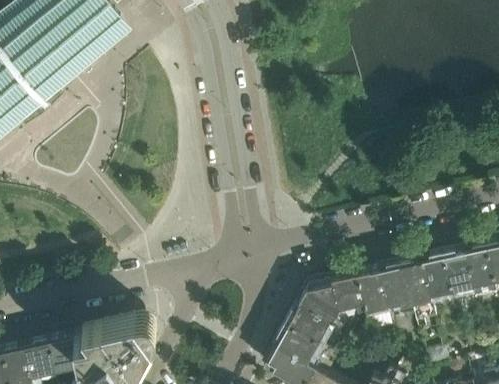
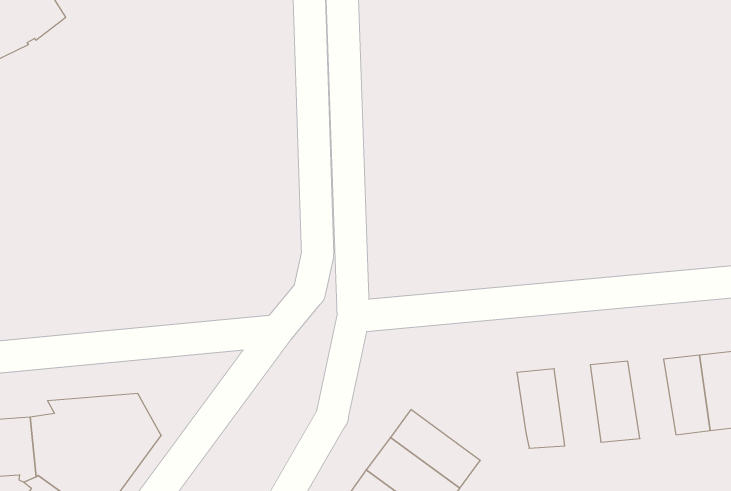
building: [424,253,458,302] -> none
building: [381,262,414,312] -> none
building: [299,272,369,327] -> none

